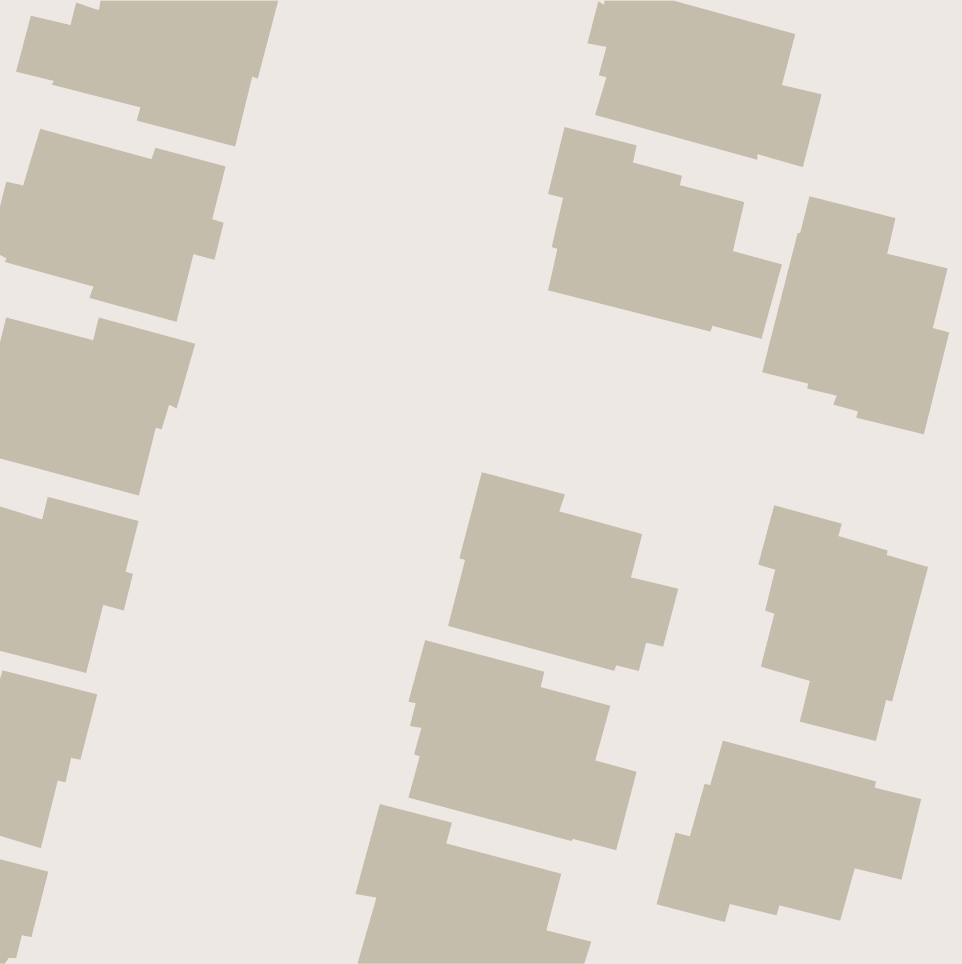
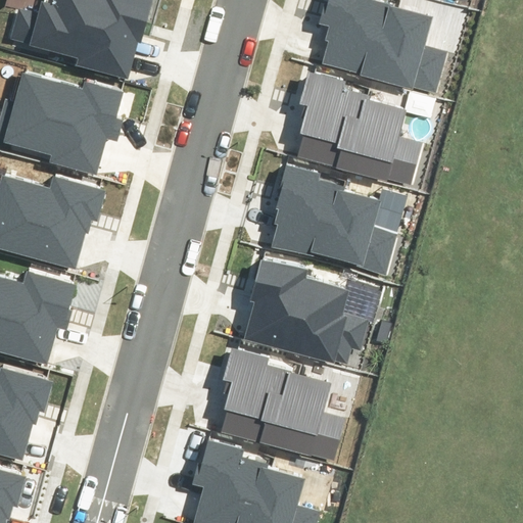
building: [762,195,950,435] -> none
building: none -> [273,163,397,276]
building: [758,504,929,742] -> none
building: [656,740,922,923] -> none

